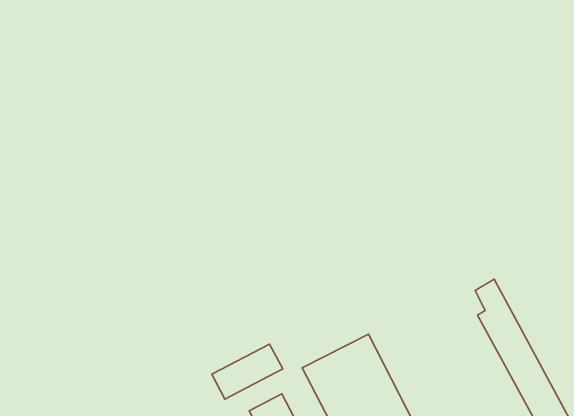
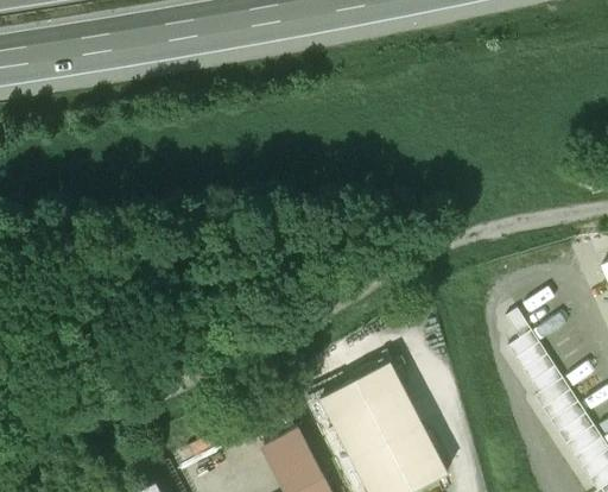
building: [212,344,283,399] -> none

